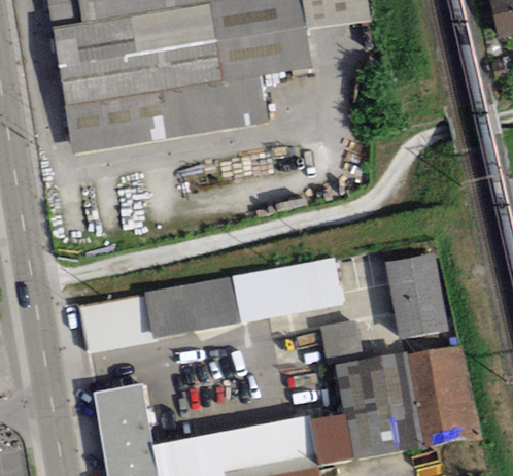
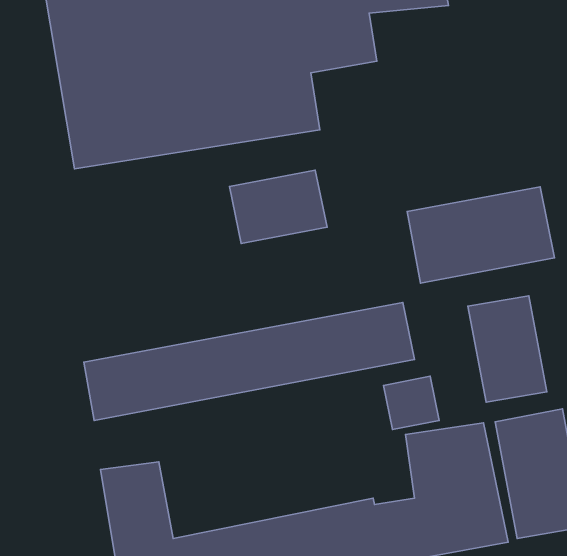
building: none -> [229,170,327,243]
building: none -> [407,187,555,283]

